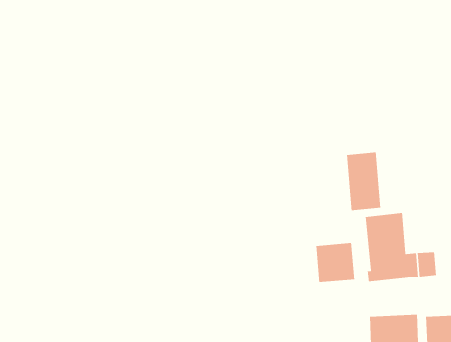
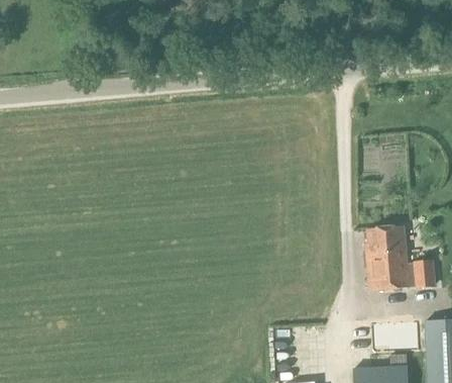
building: [346,152,381,211] -> none
building: [315,242,355,283] -> none

